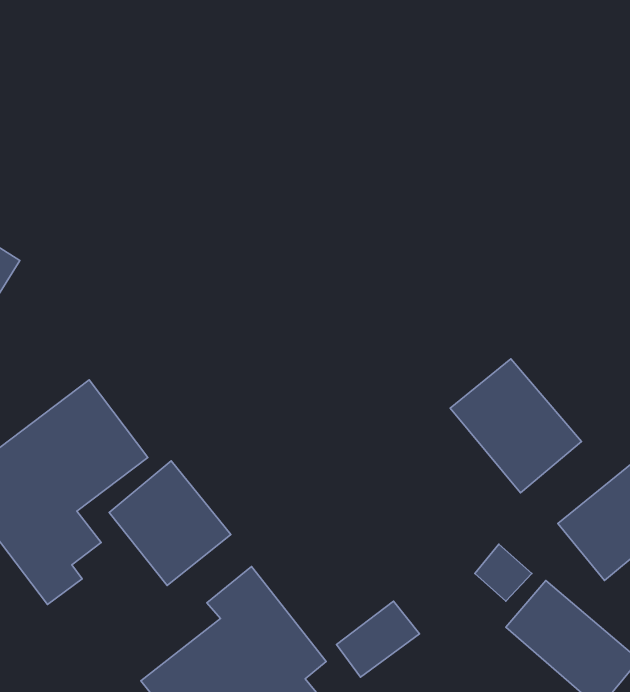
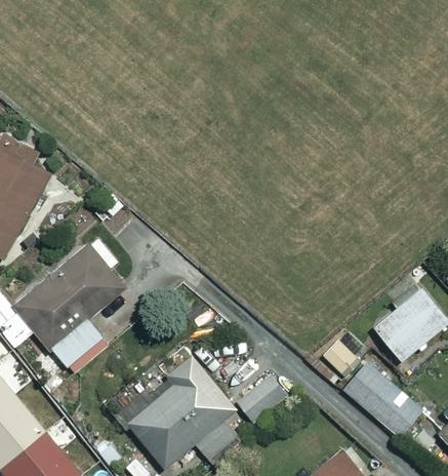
building: [450,359,581,493] -> none
building: [109,461,231,585] -> none

